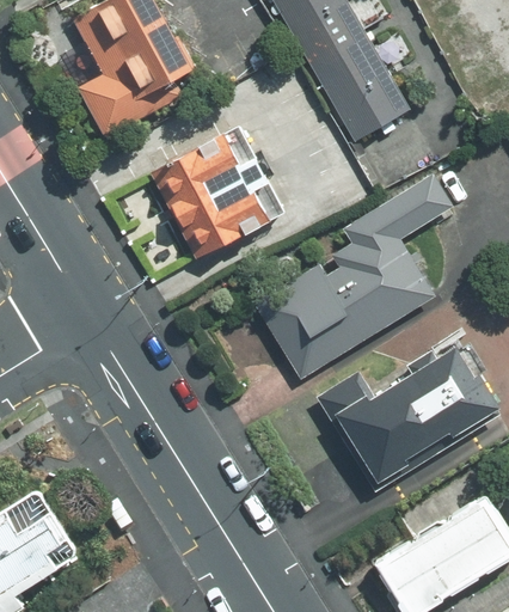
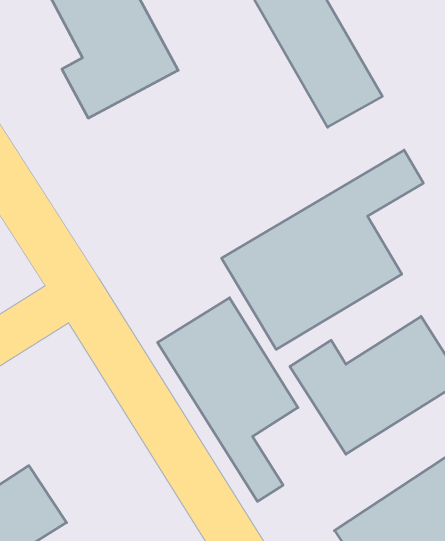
building: [149,122,290,256] -> none
building: none -> [158,298,298,501]

